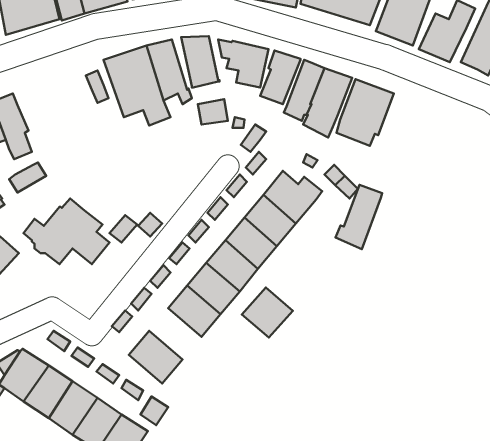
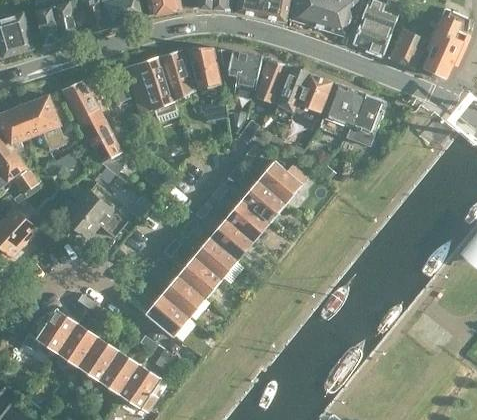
building: none -> [62,80,125,174]
building: [336,185,382,249] -> [347,94,386,148]
building: [242,287,293,338] -> none
building: none -> [162,274,206,317]

